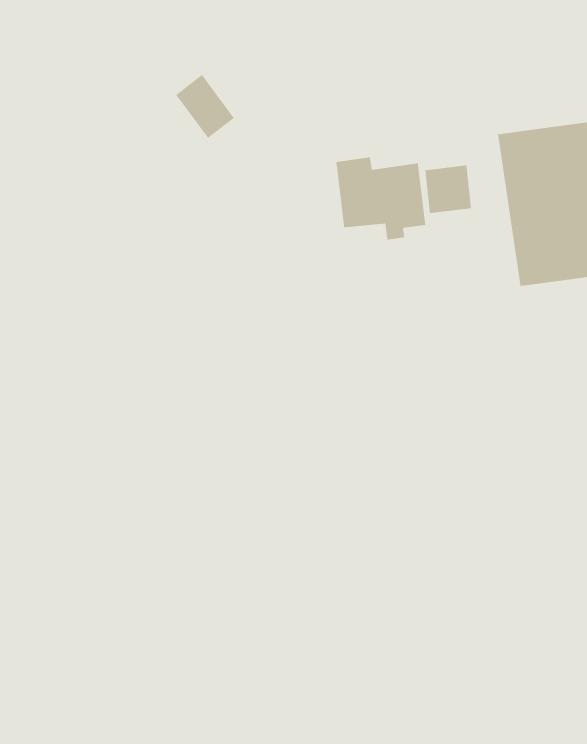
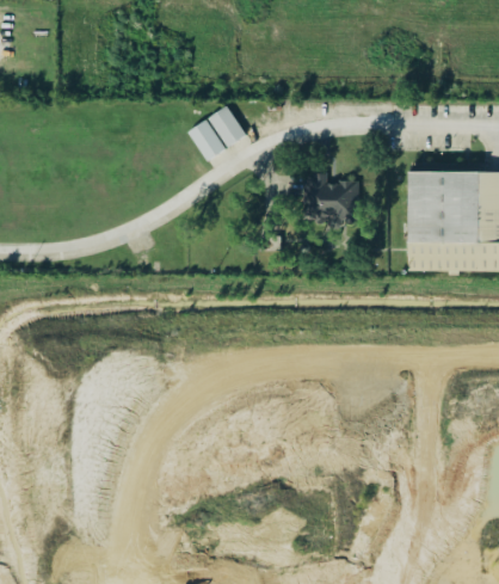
building: none -> [187,119,226,160]
building: [424,165,472,214] -> none

